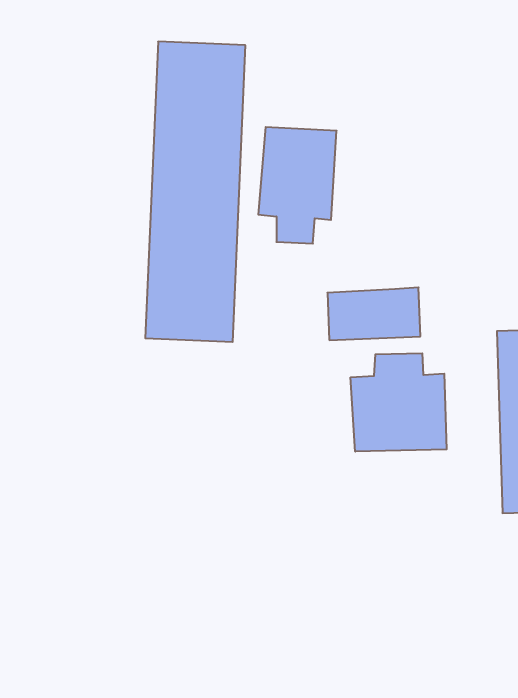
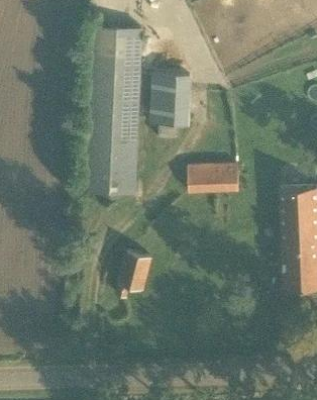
building: [351,353,447,452] -> none
building: none -> [120,255,150,291]

